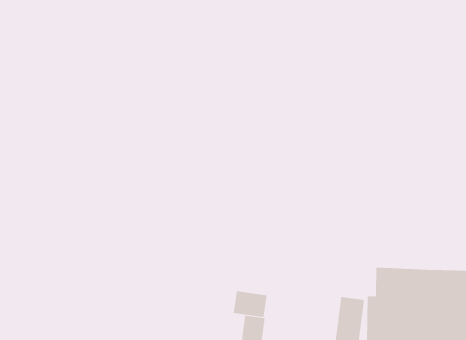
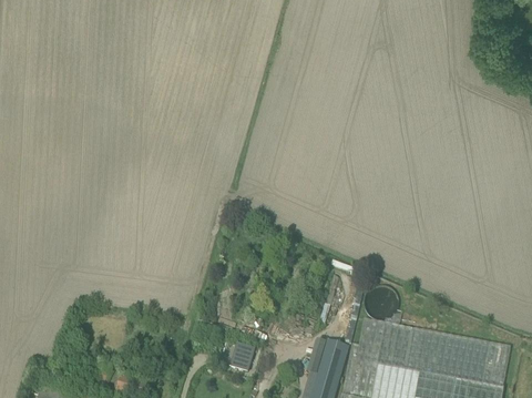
building: [233,291,267,318] -> none

